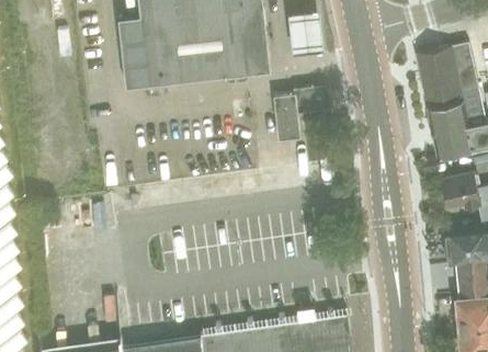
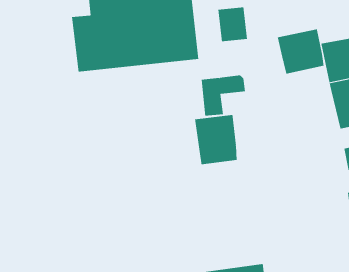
building: none -> [277,28,324,74]
building: none -> [195,114,237,165]

